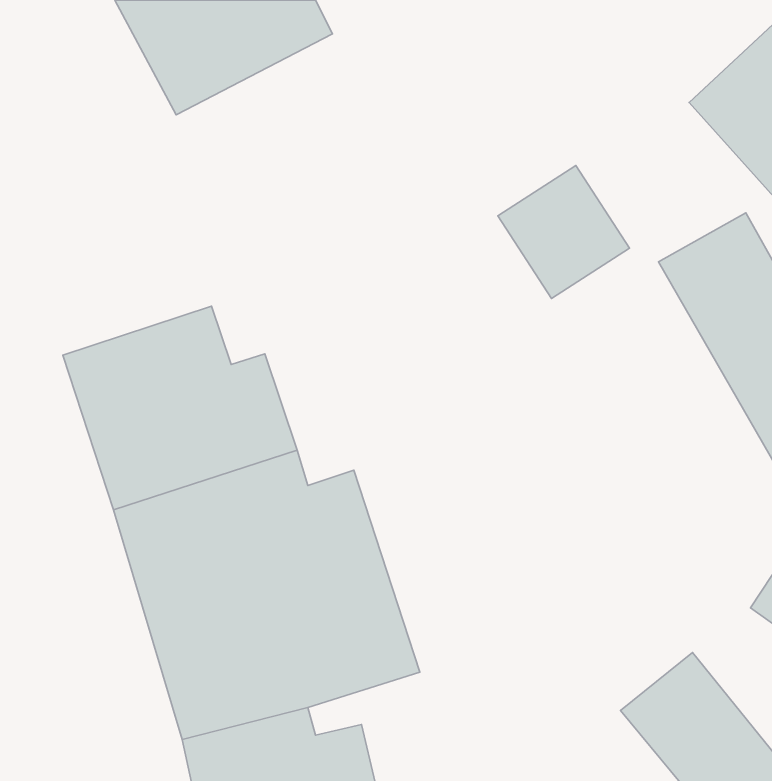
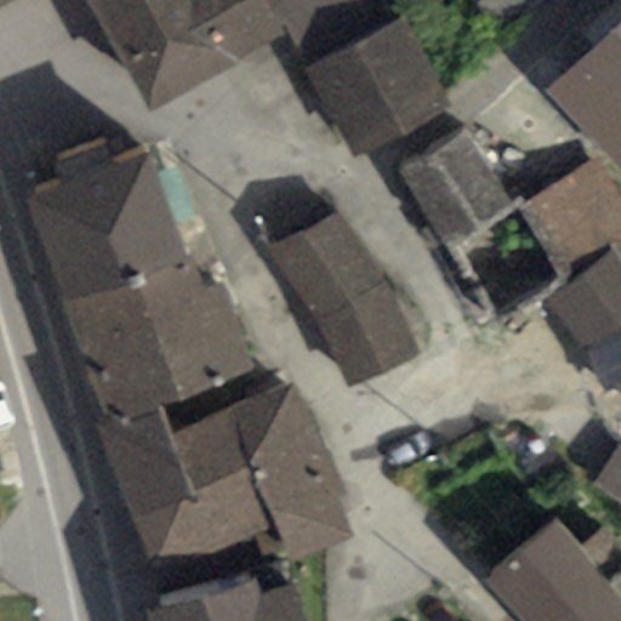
building: none -> [315,21,438,144]
building: none -> [29,154,176,283]
building: none -> [273,211,414,382]

